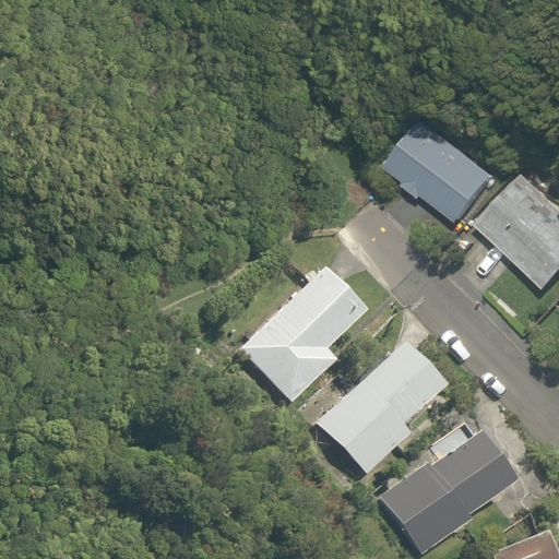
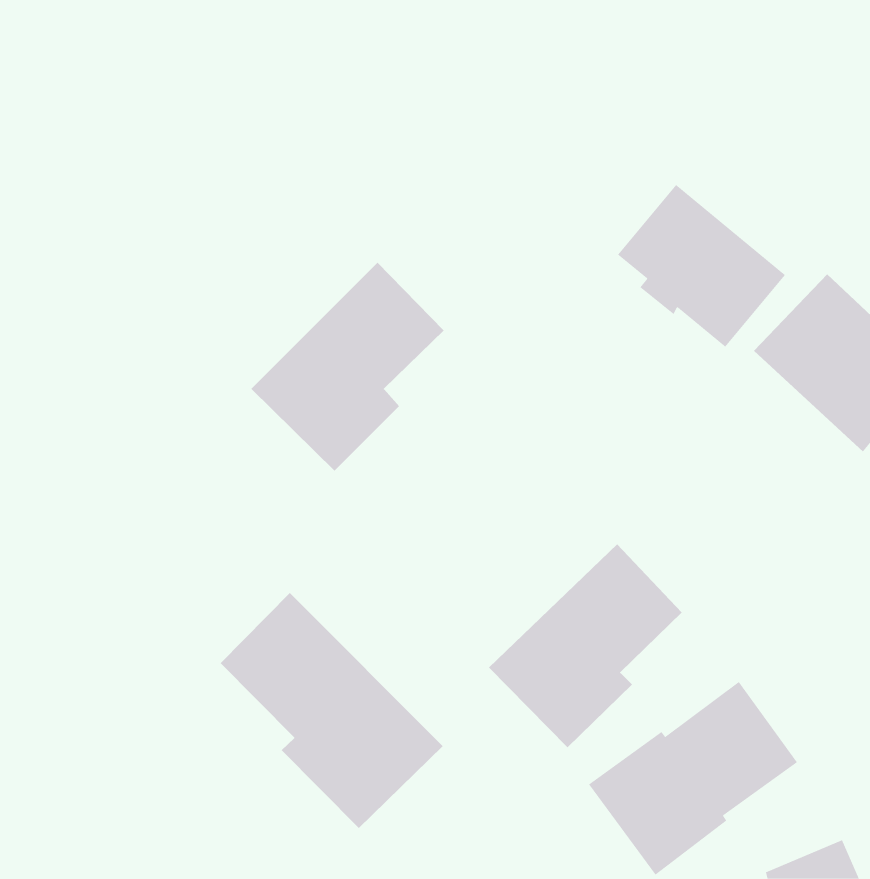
building: [239,270,362,403] -> [250,262,445,472]
building: none -> [220,592,443,829]

